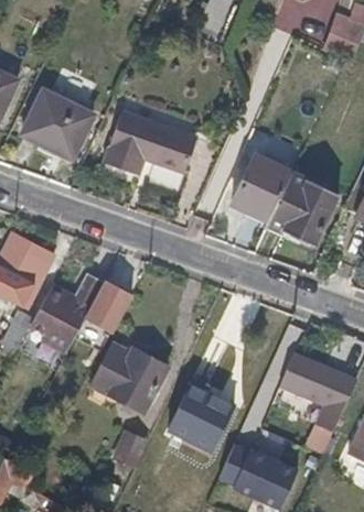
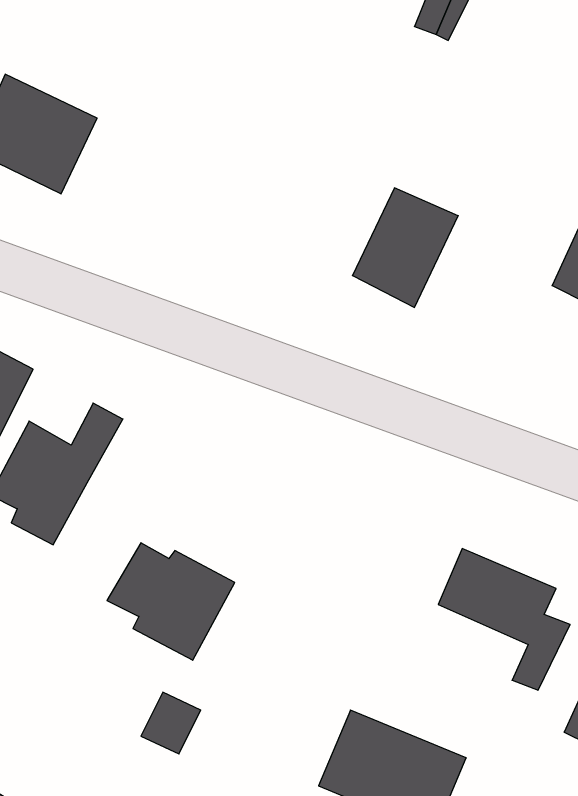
building: [104,109,197,173] -> none
building: [265,171,336,246] -> none
building: [85,283,132,333] -> none
building: [170,383,235,449] -> none

